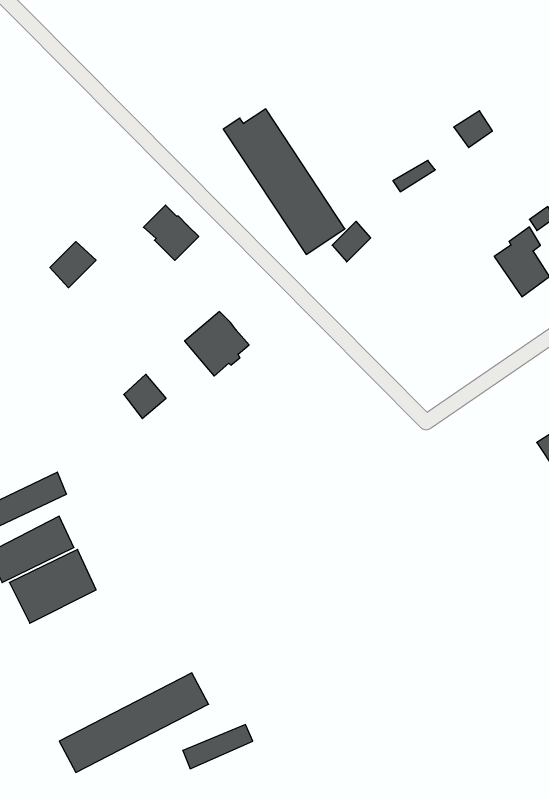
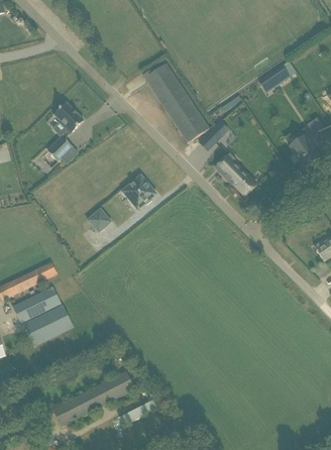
building: [143,205,199,260] -> [53,102,84,132]
building: none -> [214,154,255,197]

